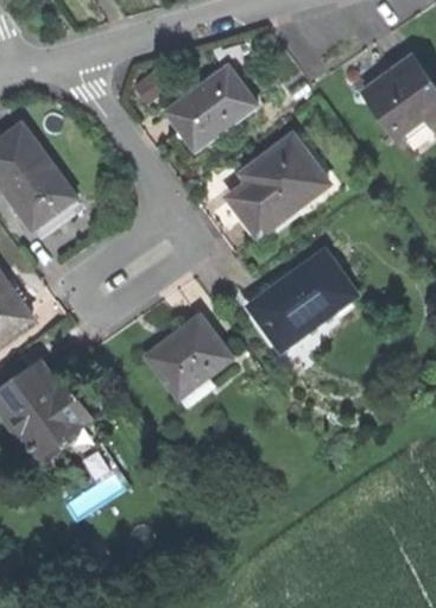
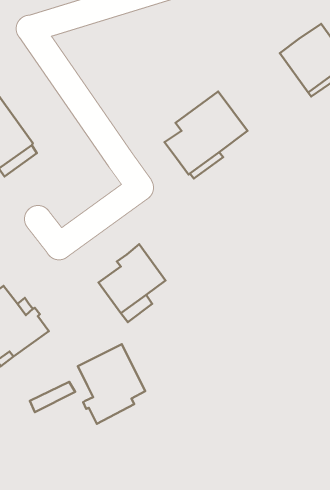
building: [166,65,255,148] -> none
building: [246,249,355,349] -> none
building: none -> [78,344,145,424]

